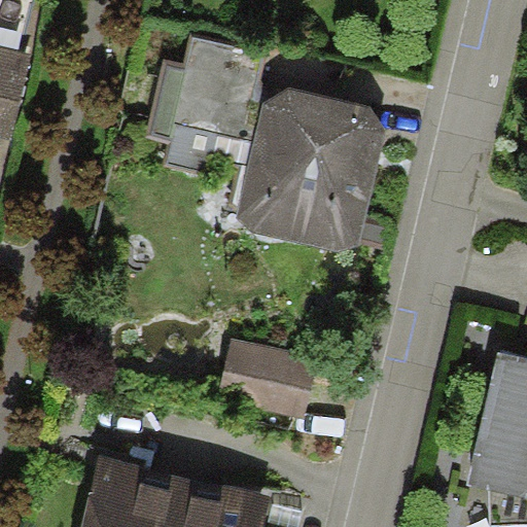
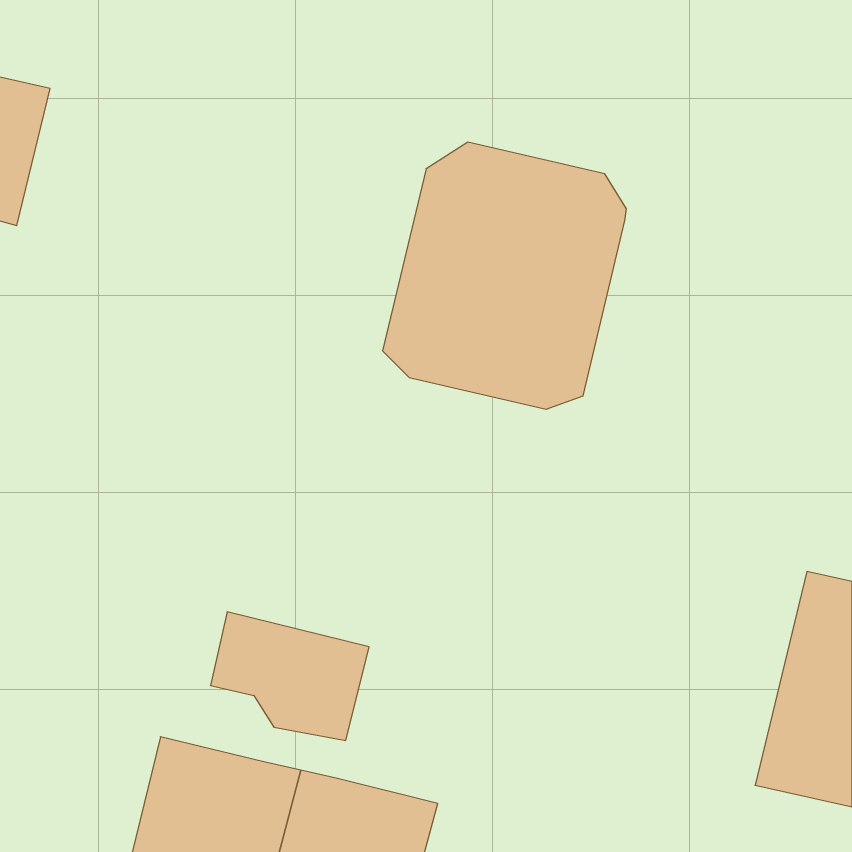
building: [173,36,261,140] -> none
building: [220,339,318,418] -> [210,612,369,740]

